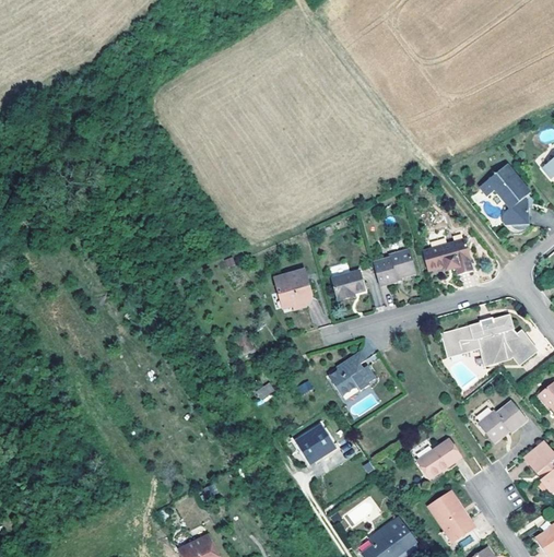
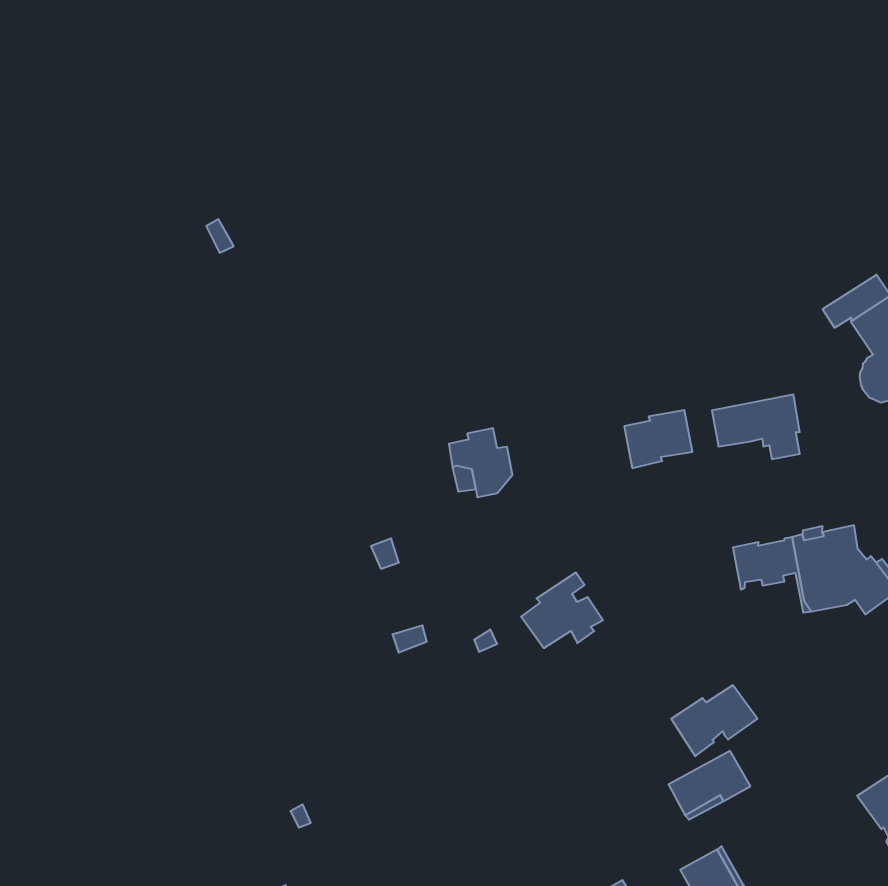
building: [333,270,366,299] -> none
building: [479,403,527,445] -> [671,685,757,756]
building: [298,426,337,465] -> none

